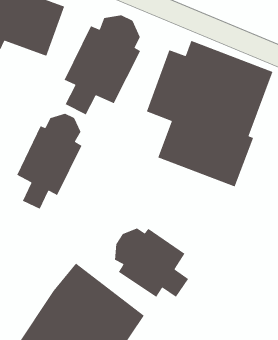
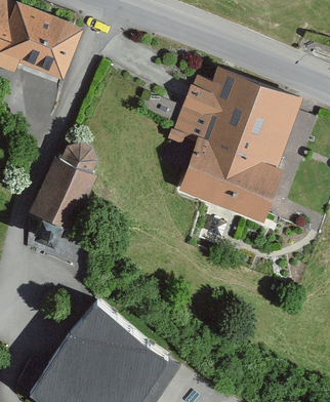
building: [63,15,141,116] -> none
building: [114,228,189,298] -> none

